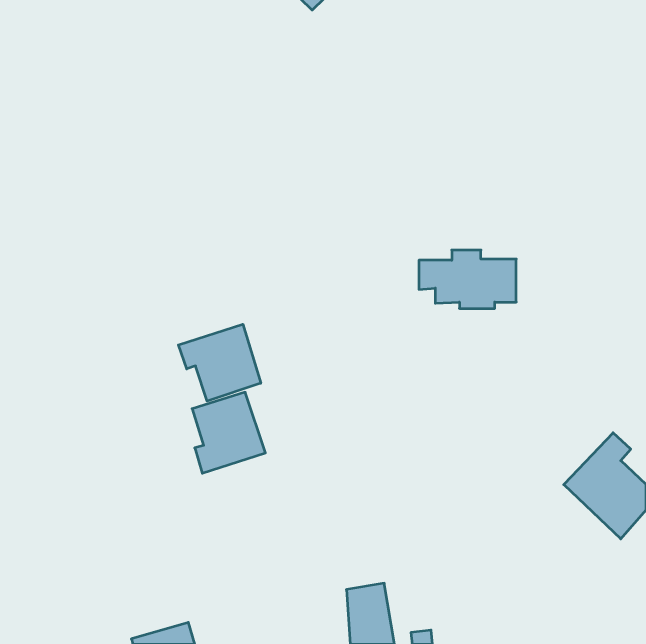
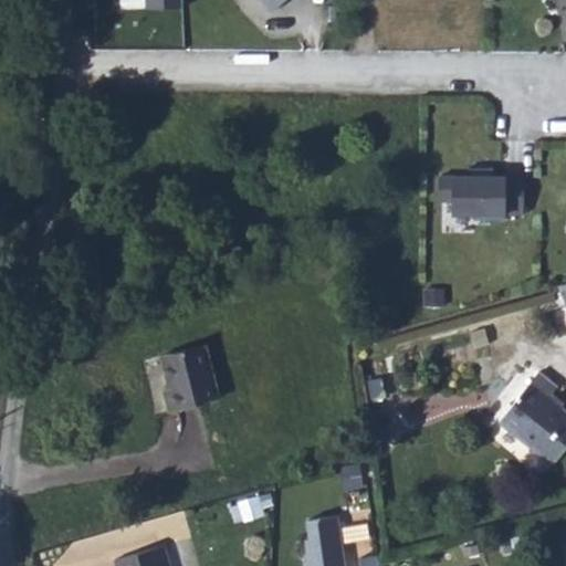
building: [419,250,516,308] -> [447,174,532,224]
building: [178,324,261,401] -> none

